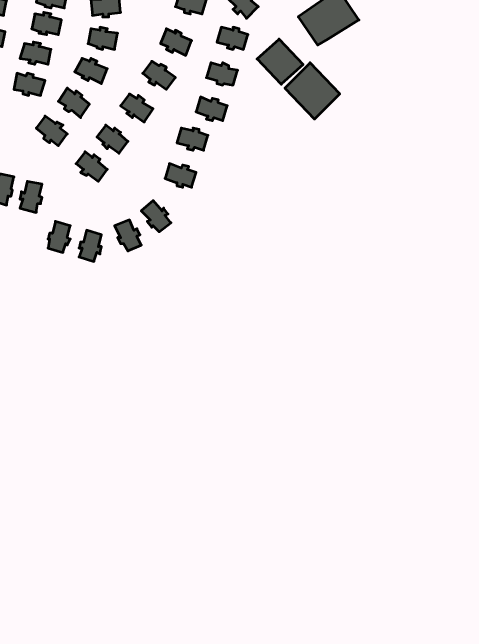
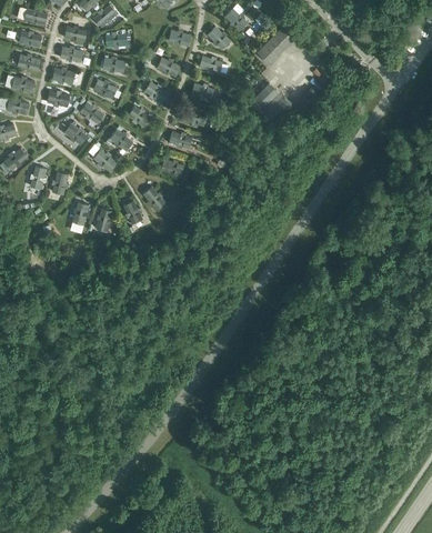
building: [257,39,303,84] -> none

